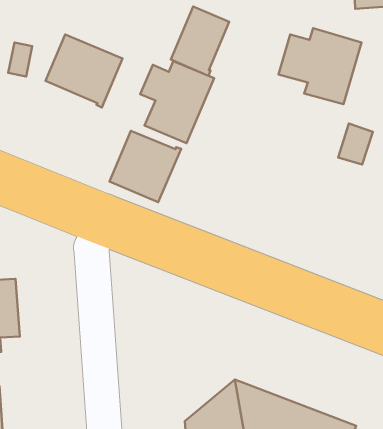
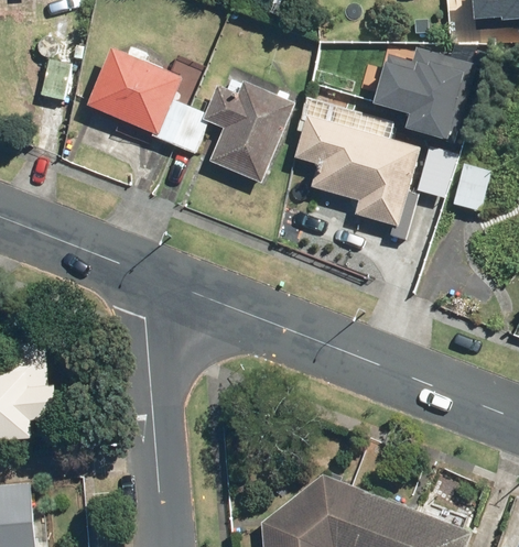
building: [171,6,229,76] -> none
building: none -> [292,114,440,247]
building: [109,131,181,202] -> none

